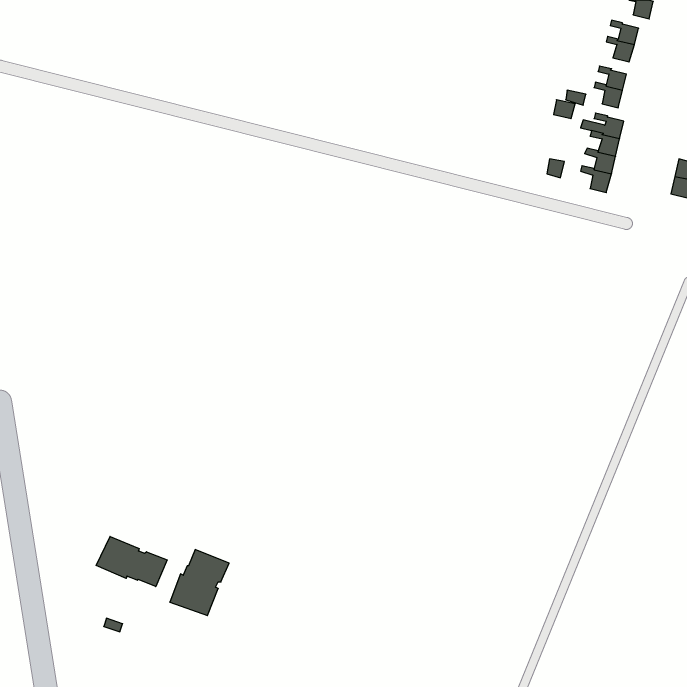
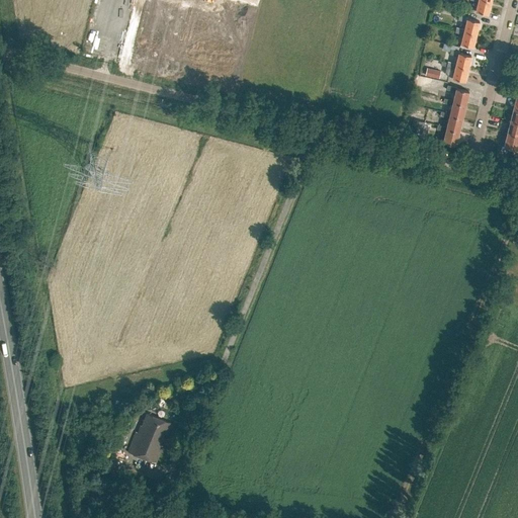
building: [96,536,167,587] -> none

